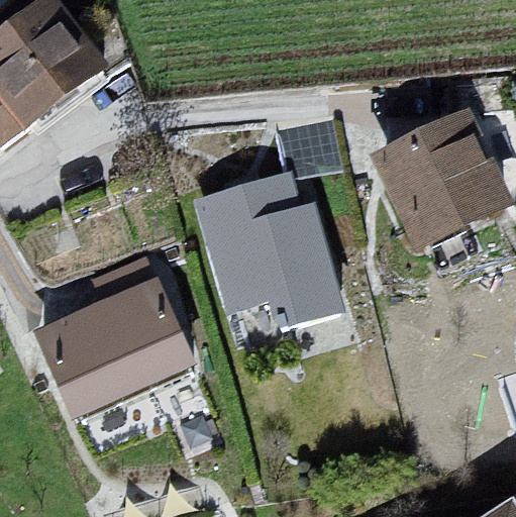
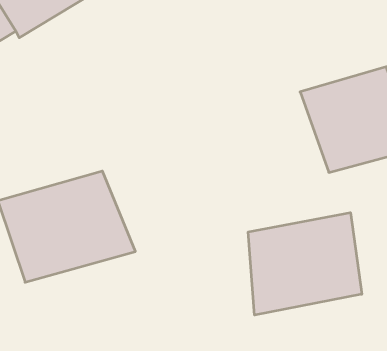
building: [189,175,344,319] -> none
building: none -> [248,213,362,315]

